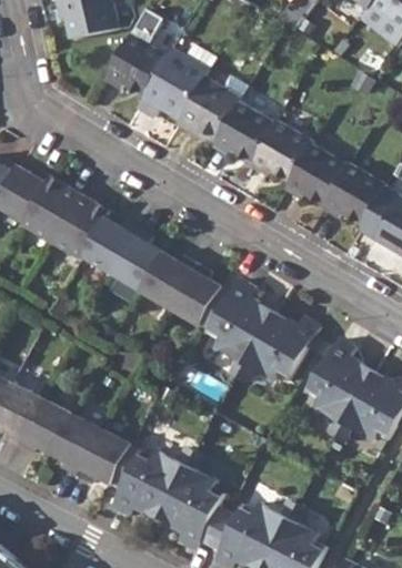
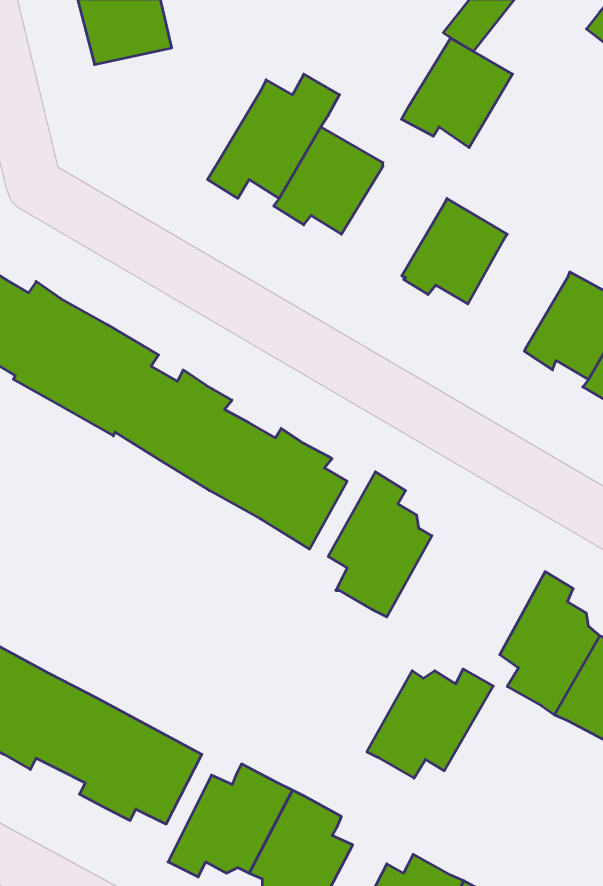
building: [104,8,168,95] -> none
building: [211,99,277,163] -> [401,38,513,148]
building: [284,142,349,205] -> none
building: [242,315,316,379] -> [367,669,493,778]

